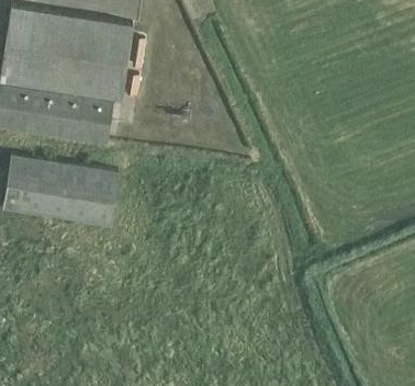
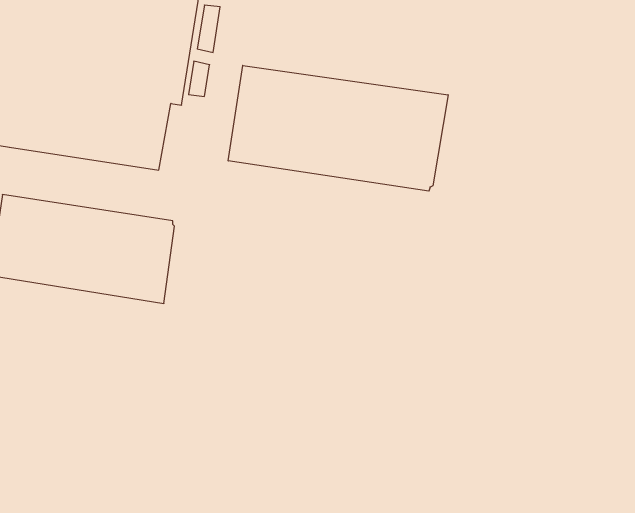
building: none -> [228,65,448,191]

